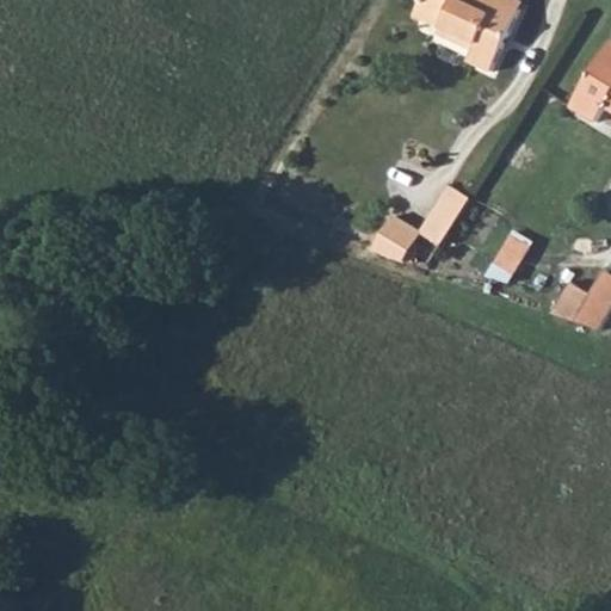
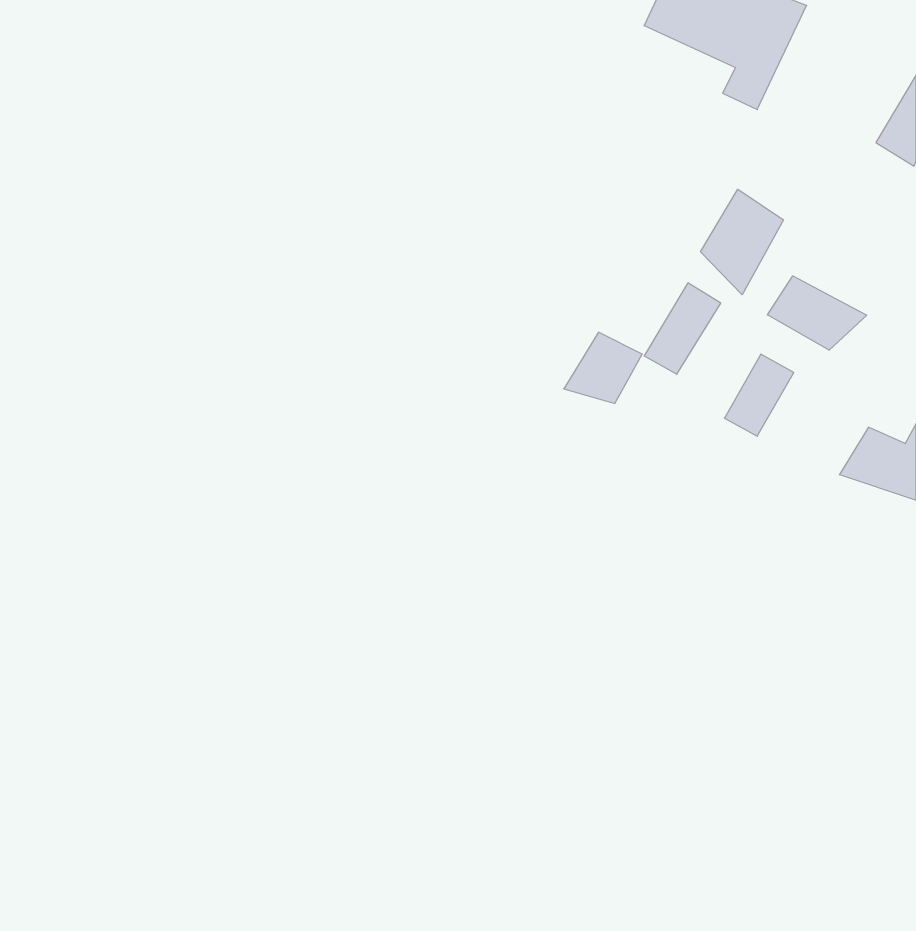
building: none -> [701,189,783,295]
building: none -> [767,276,867,350]

